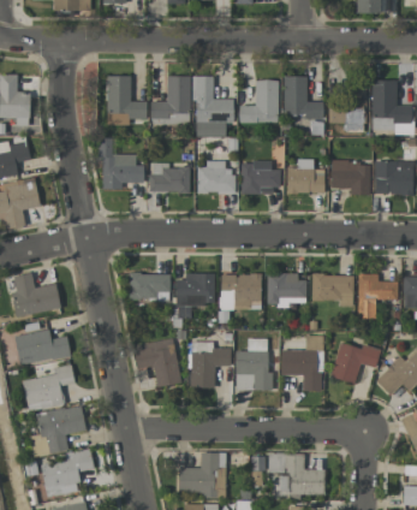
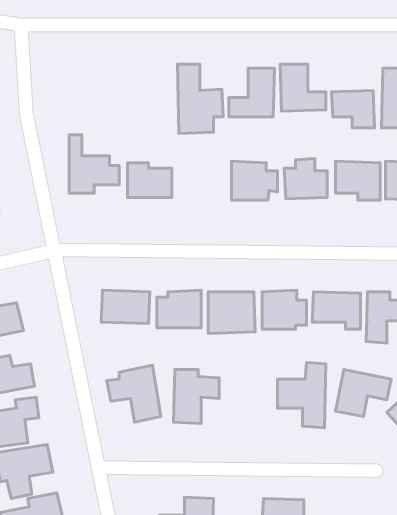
building: [107,76,147,125] -> none
building: [151,76,191,125] -> none
building: [197,161,234,194] -> none
building: [236,338,273,391] -> none

